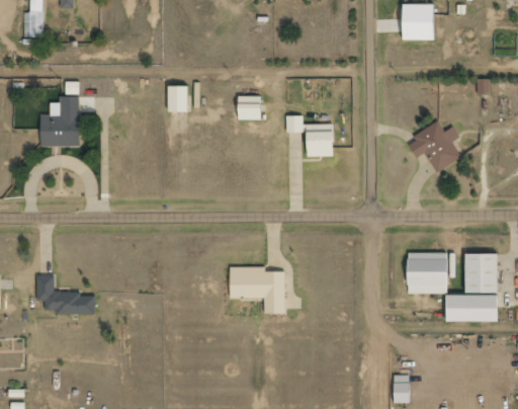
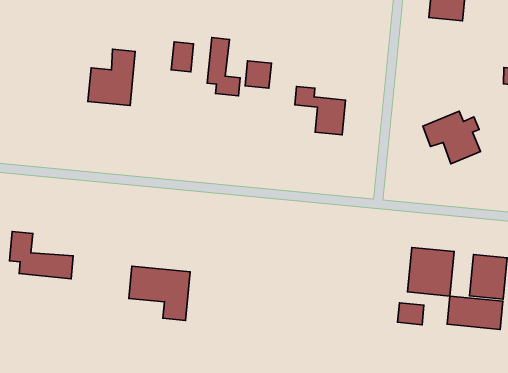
building: none -> [207,38,240,96]
building: [39,96,79,147] -> [88,49,135,106]
building: [230,267,284,313] -> [129,266,190,320]
building: none -> [398,303,424,325]

